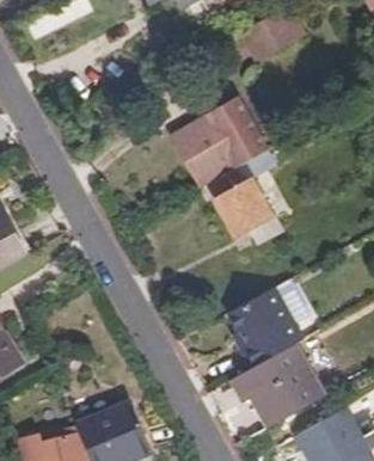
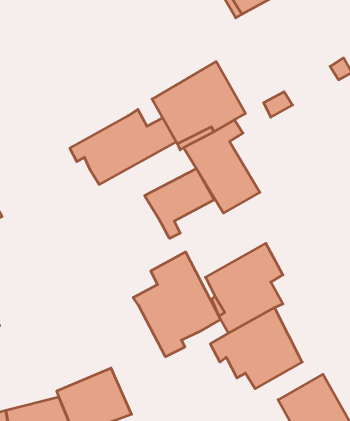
building: none -> [70,109,176,184]
building: none -> [145,169,214,238]
building: none -> [133,252,221,357]

